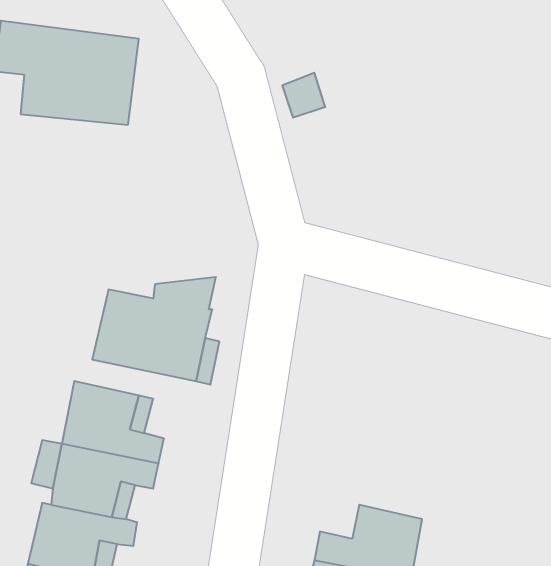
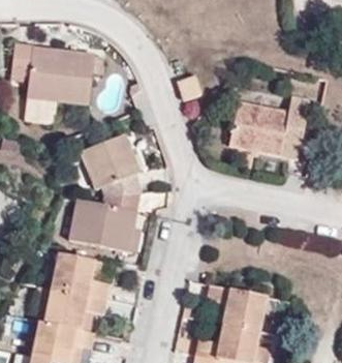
building: none -> [230,96,310,160]
building: none -> [82,133,142,196]
building: none -> [208,284,266,332]

